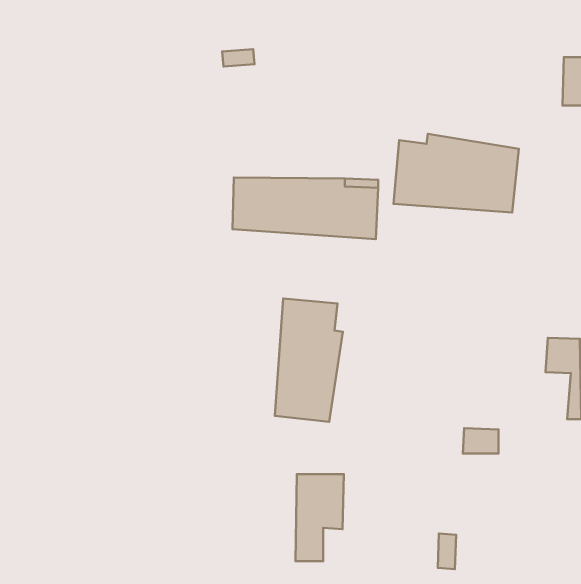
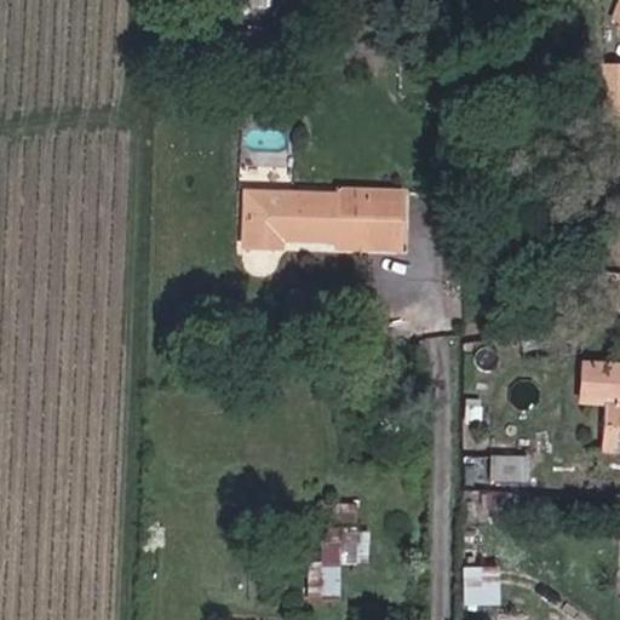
building: [393,134,519,212] -> none
building: [275,299,343,422] -> none

